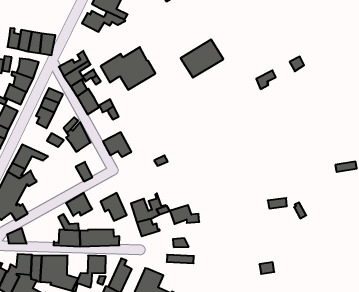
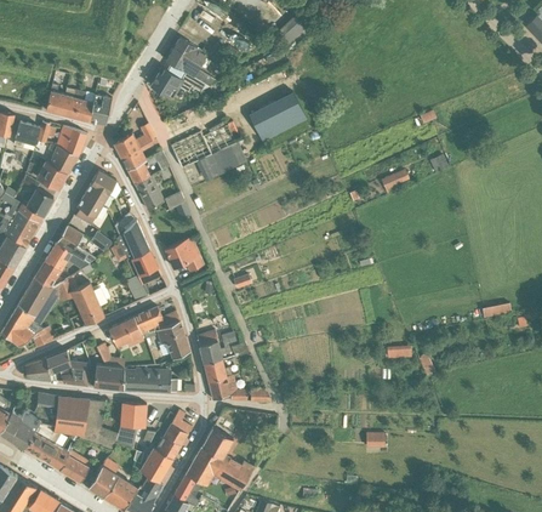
building: [181,40,223,78] -> [249,91,307,141]
building: none -> [56,226,96,263]
building: none -> [131,249,162,296]
building: none -> [64,275,107,324]
building: none -> [135,306,179,335]
building: [170,205,199,224] -> [209,376,247,400]
building: none -> [46,349,90,385]

